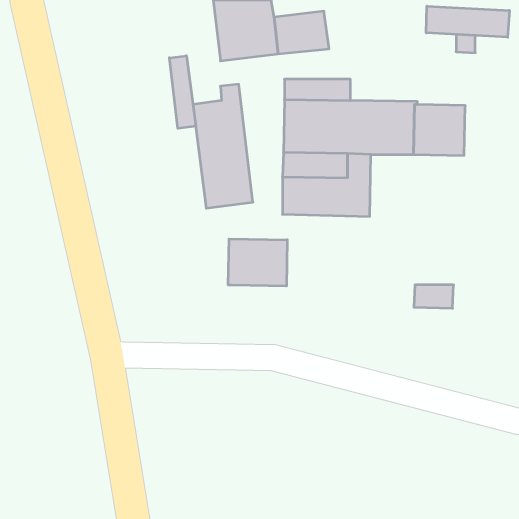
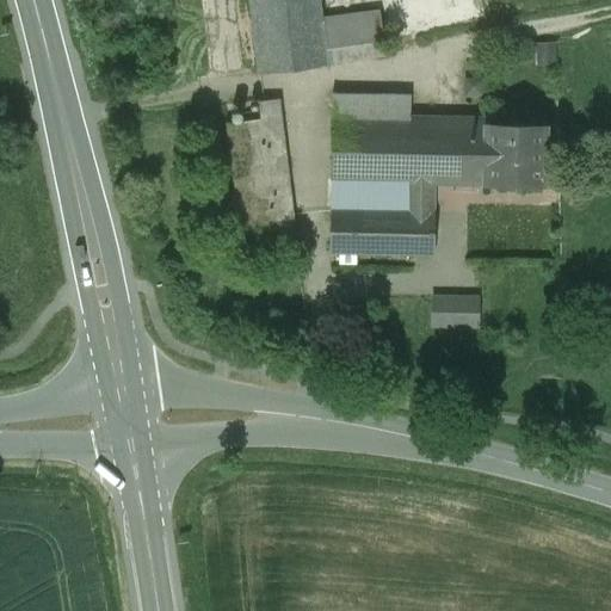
building: [426,6,509,37] -> none
building: [169,56,196,128] -> none
building: [228,239,287,286] -> none
building: [414,285,454,308] -> [432,298,479,326]

